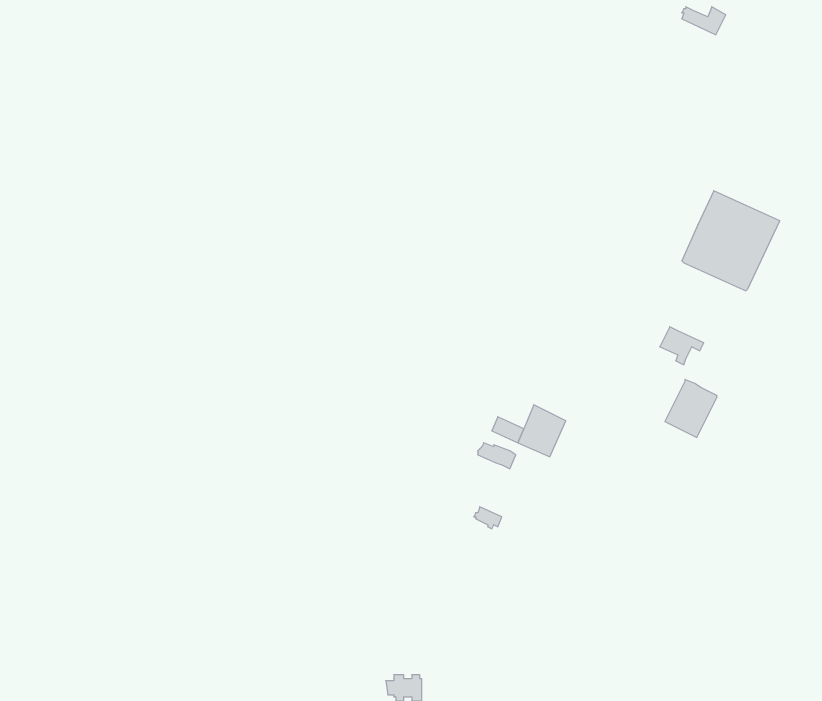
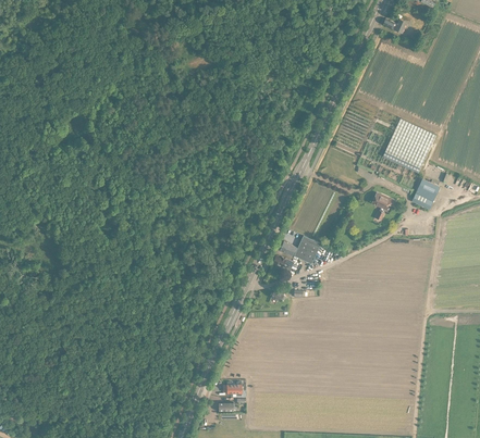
building: [665,379,717,437] -> [410,177,439,209]

